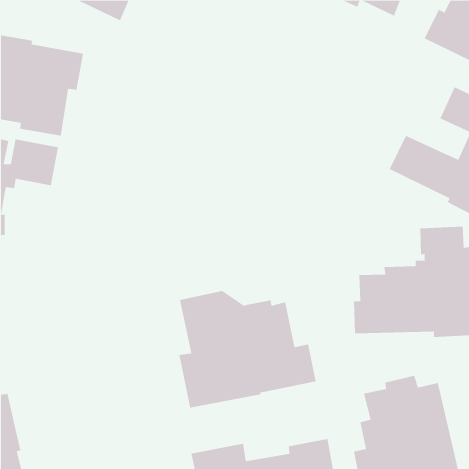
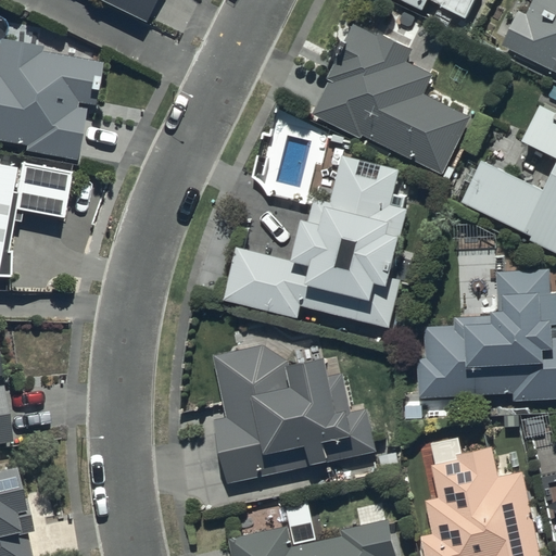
building: none -> [312,26,467,172]
building: none -> [223,154,407,326]

